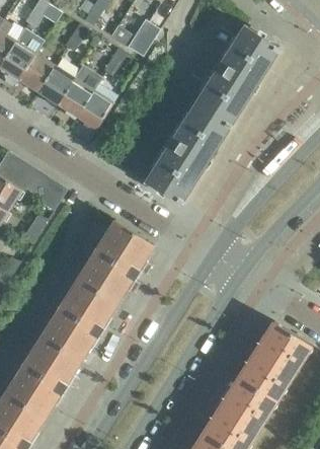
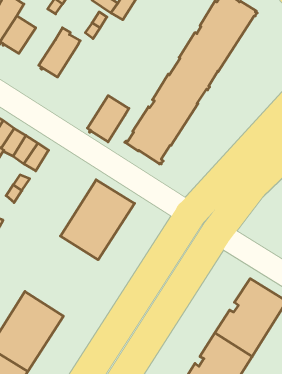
building: [35,65,73,103] -> none
building: [75,82,117,130] -> [87,96,129,142]
building: [42,279,116,361] -> none

